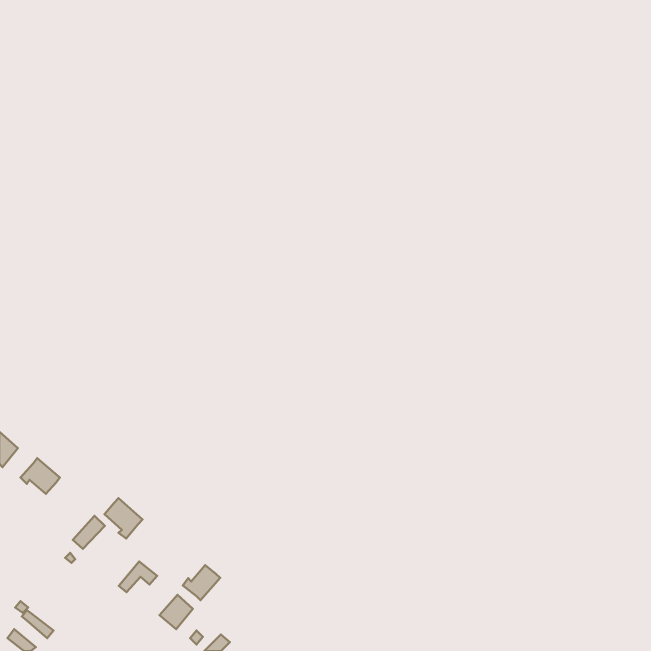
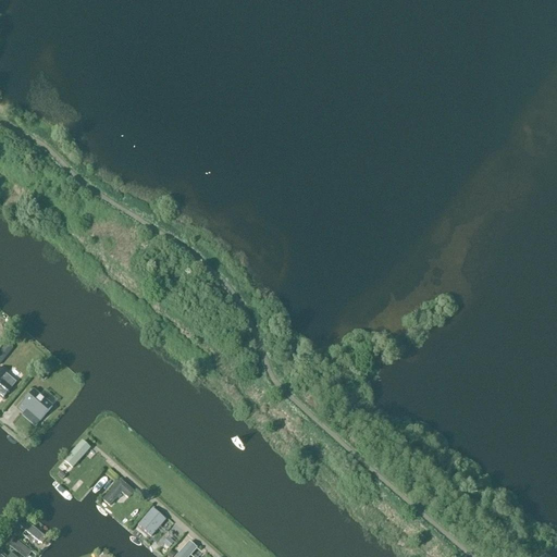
building: [104,498,142,539] -> none
building: [183,565,220,600] -> none

